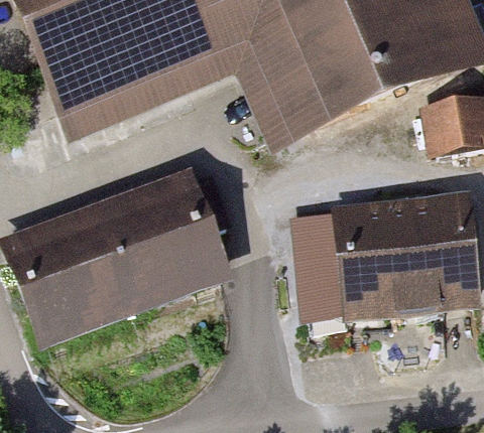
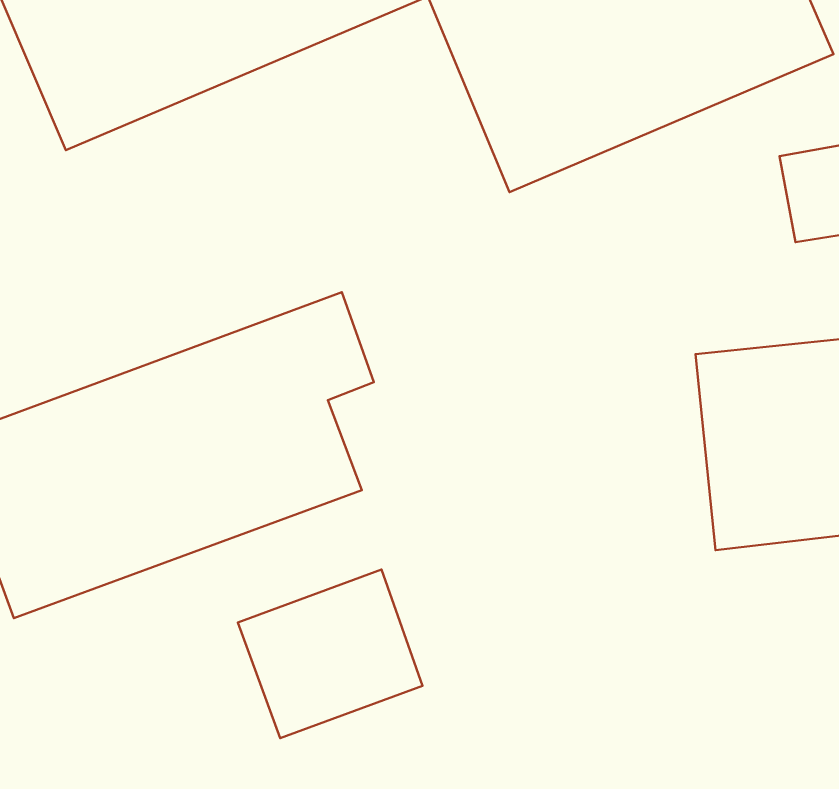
building: [295,213,396,321] -> none
building: none -> [238,569,423,738]

